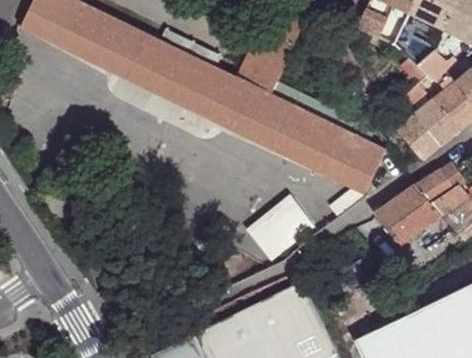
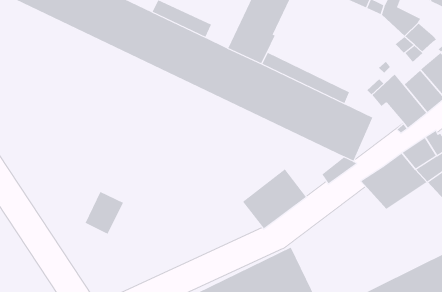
building: none -> [85,191,124,235]

